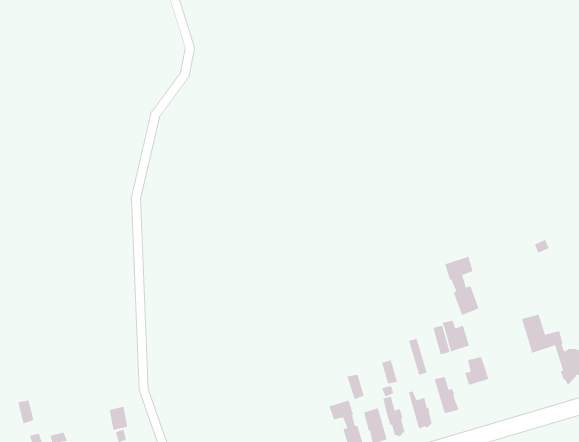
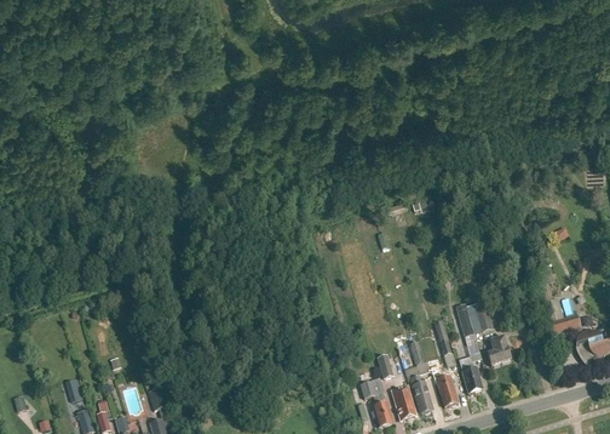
building: [445,256,479,316] -> none

